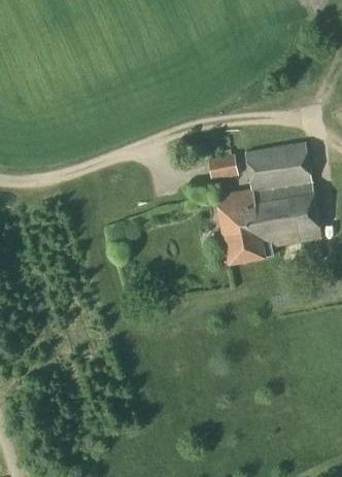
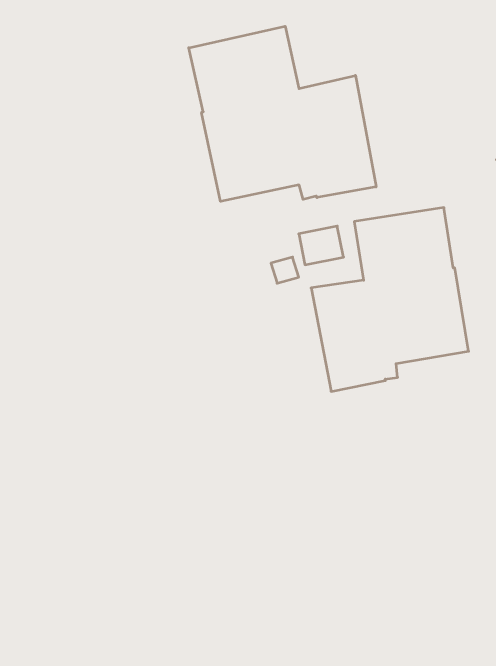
building: none -> [189,26,376,201]

